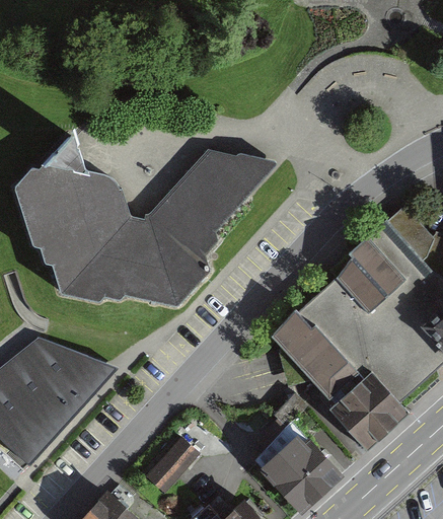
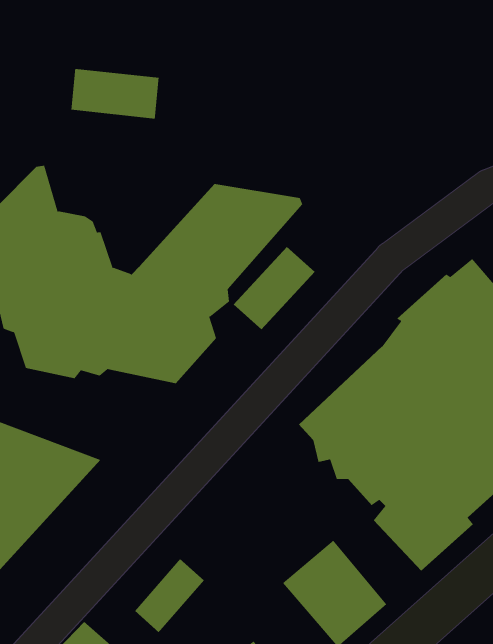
building: none -> [71,68,159,119]
building: none -> [233,246,315,330]

